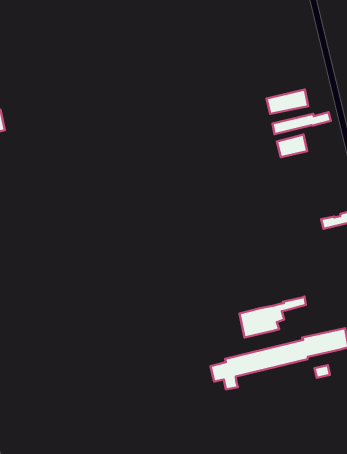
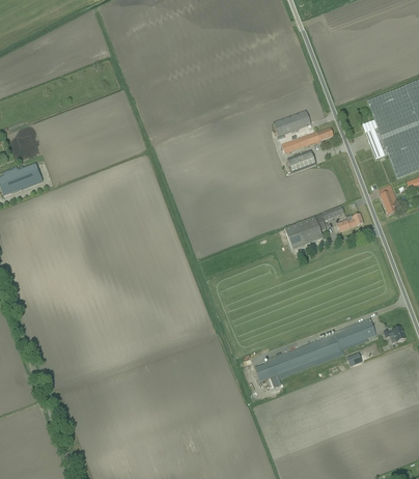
building: [240,297,306,338] -> [286,205,344,249]

